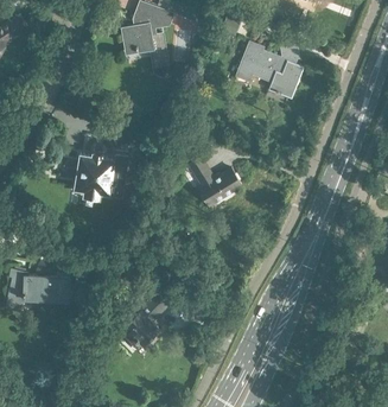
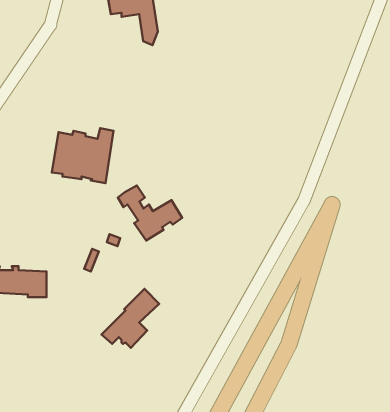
building: [235,43,303,97] -> none
building: [184,157,241,205] -> [118,186,182,241]

